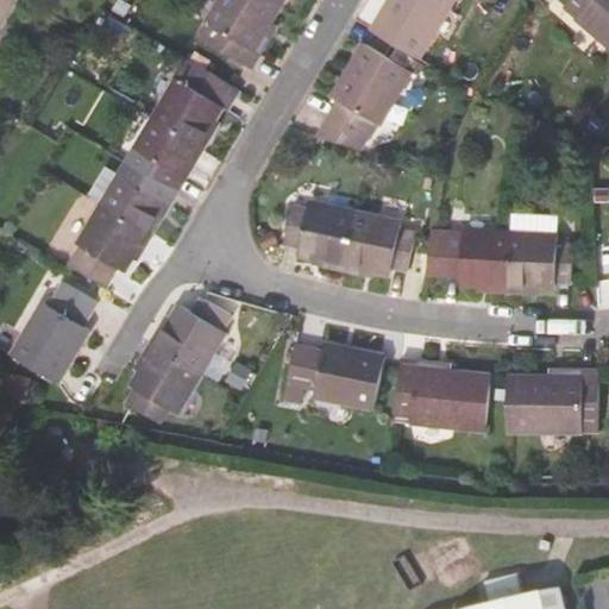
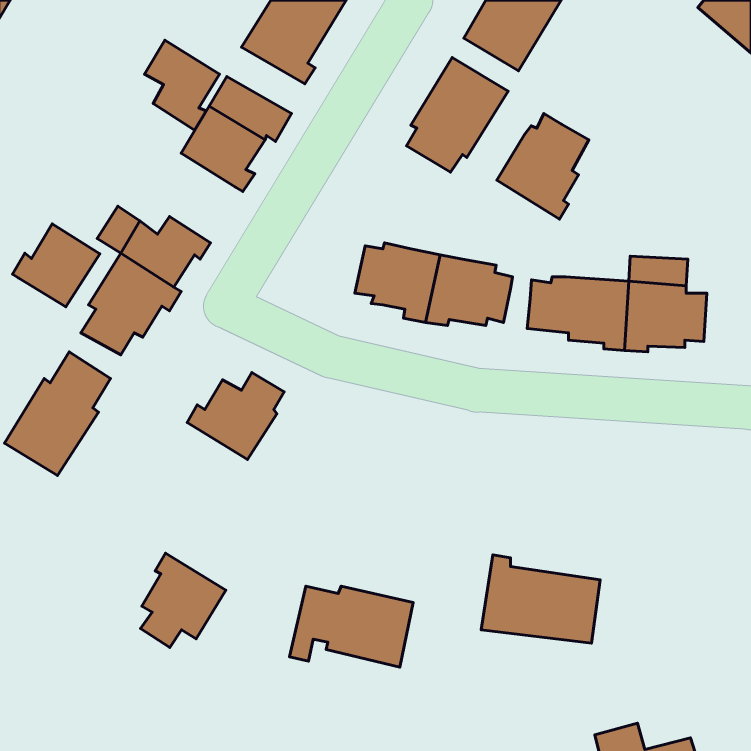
building: none -> [497,113,589,219]
building: [130,125,190,197] -> [144,40,219,130]
building: none -> [13,224,100,307]
building: [131,343,200,419] -> [140,553,226,648]
building: [287,345,387,410] -> [289,586,413,667]
building: [395,358,491,429] -> [481,555,600,643]
building: [506,372,598,433] -> none

